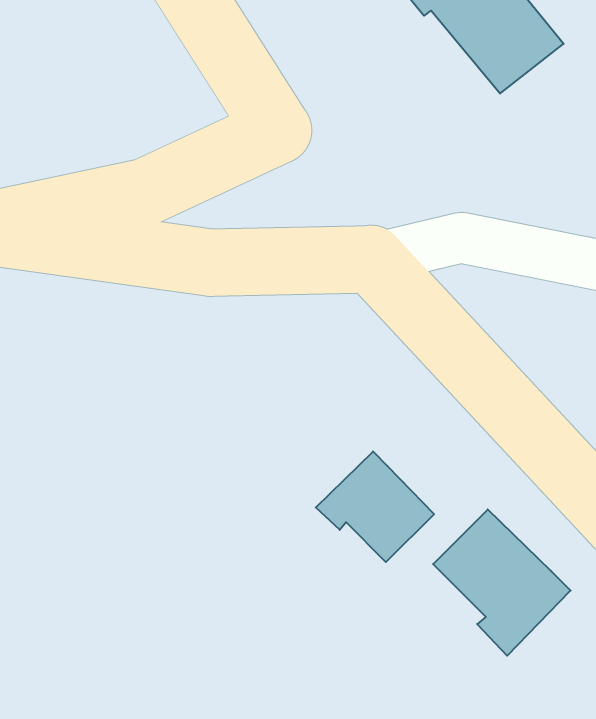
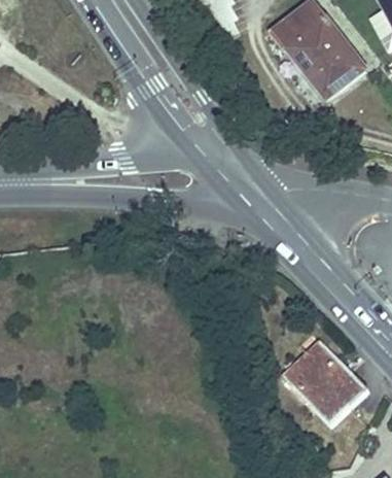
building: [316,451,434,562] -> none

